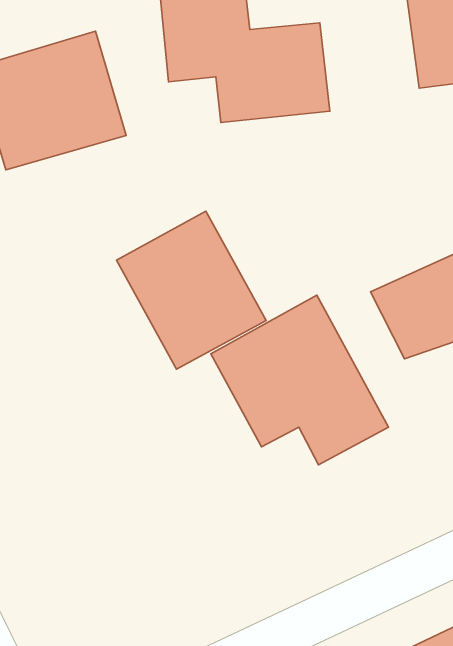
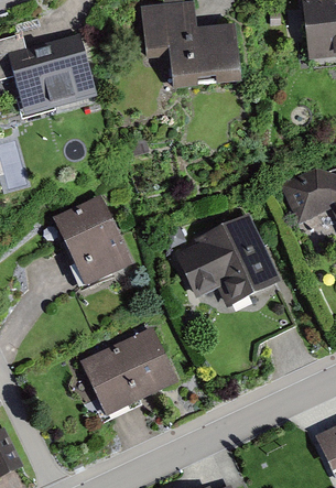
building: [116,211,266,369] -> [41,188,142,295]
building: none -> [71,323,185,423]

